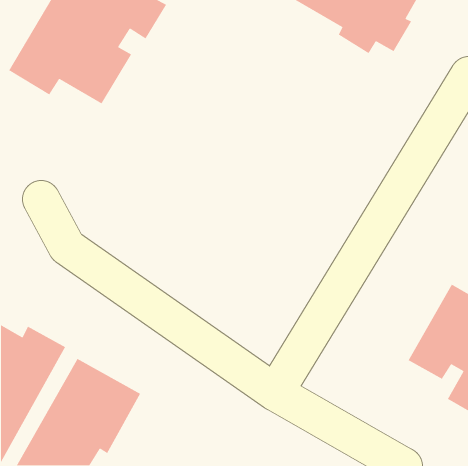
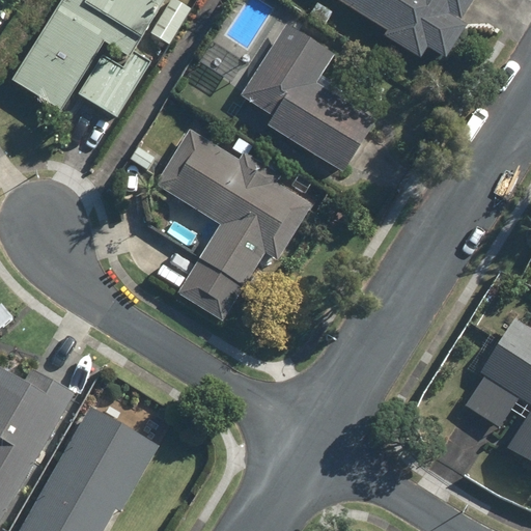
building: none -> [240,22,375,174]
building: none -> [155,129,310,322]

